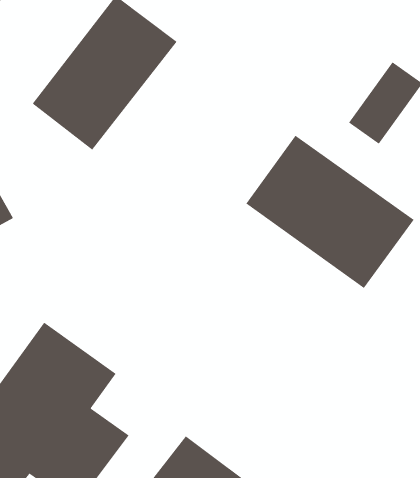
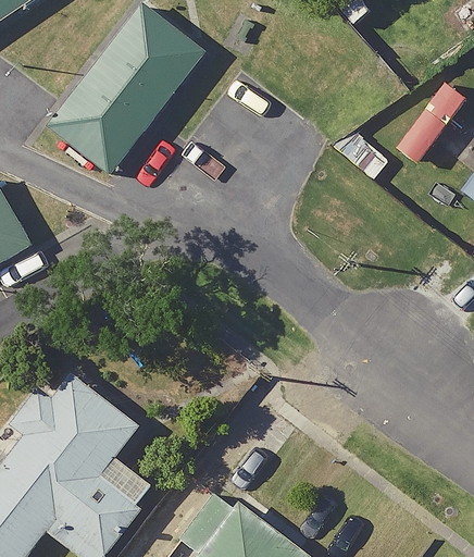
building: [245,135,415,289] -> none

